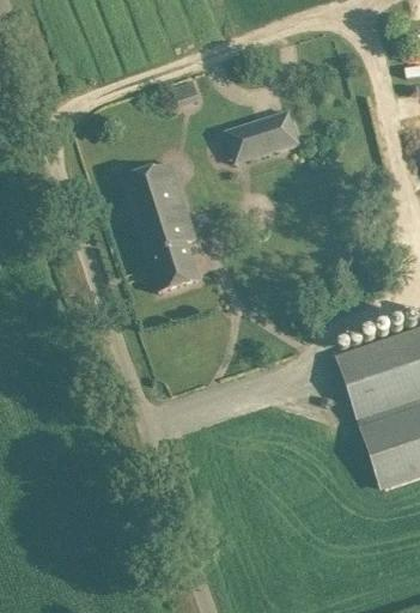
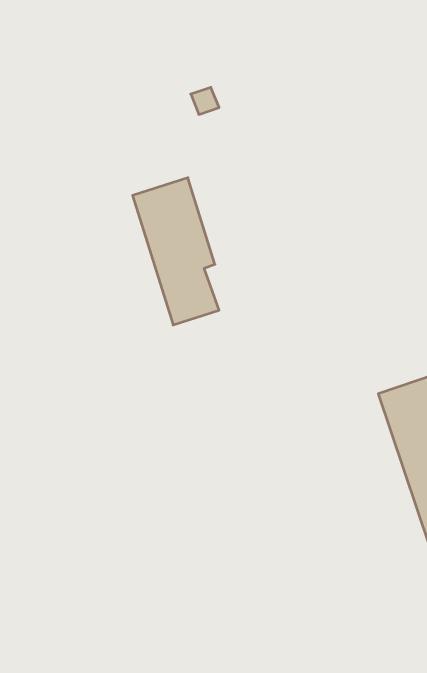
building: [223,113,297,163] -> none

